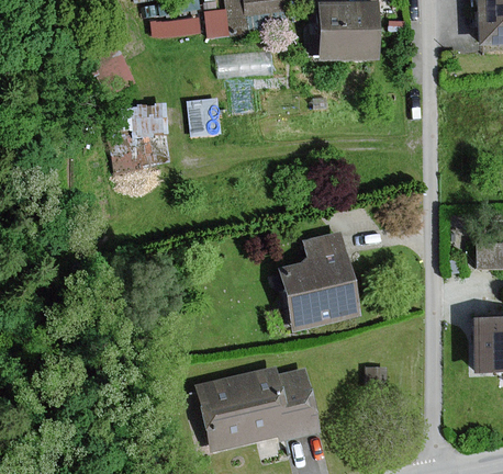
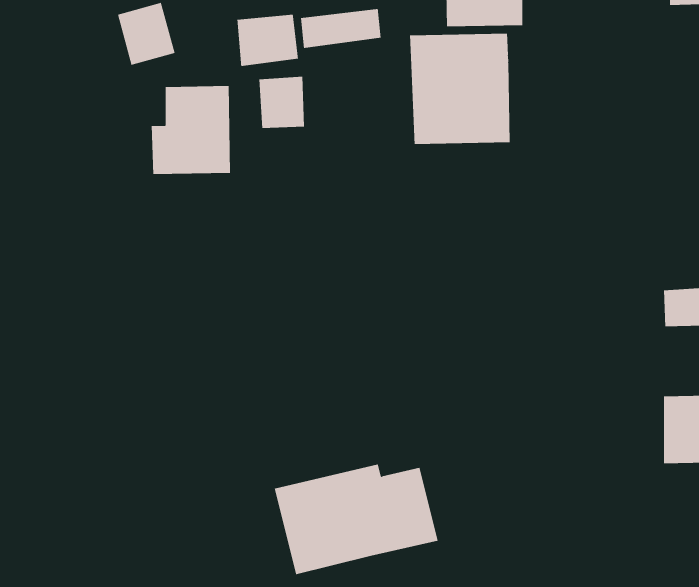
building: none -> [237,14,299,67]
building: none -> [410,33,510,145]
building: [282,237,357,329] -> none

